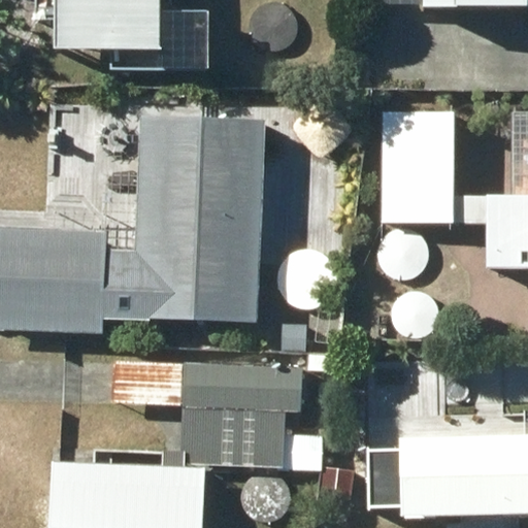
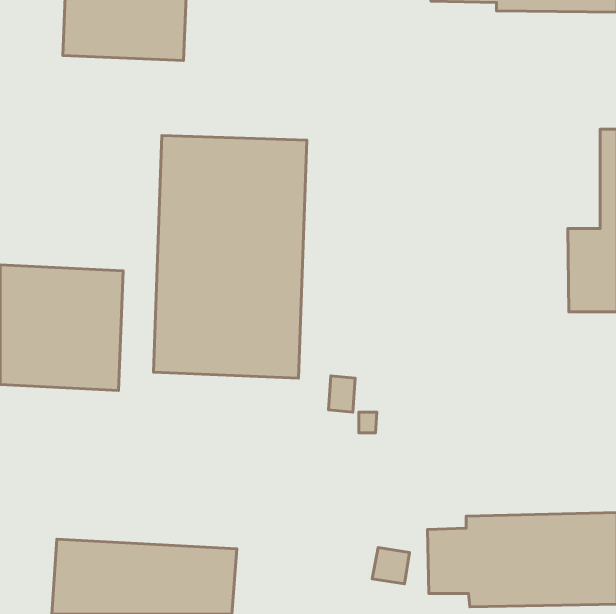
building: [380,108,454,222] -> none
building: [113,358,323,465] -> none

